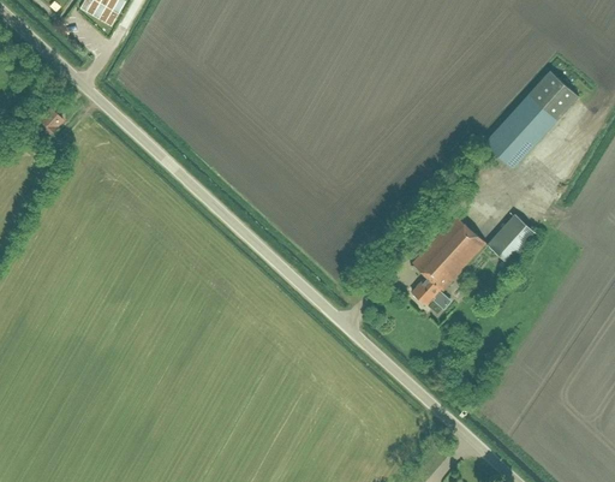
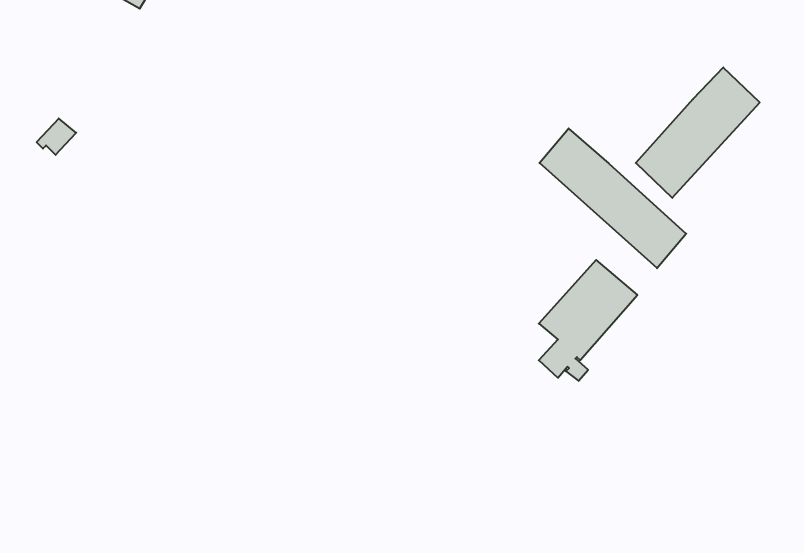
building: none -> [539,128,686,268]
building: [488,213,538,264] -> none

